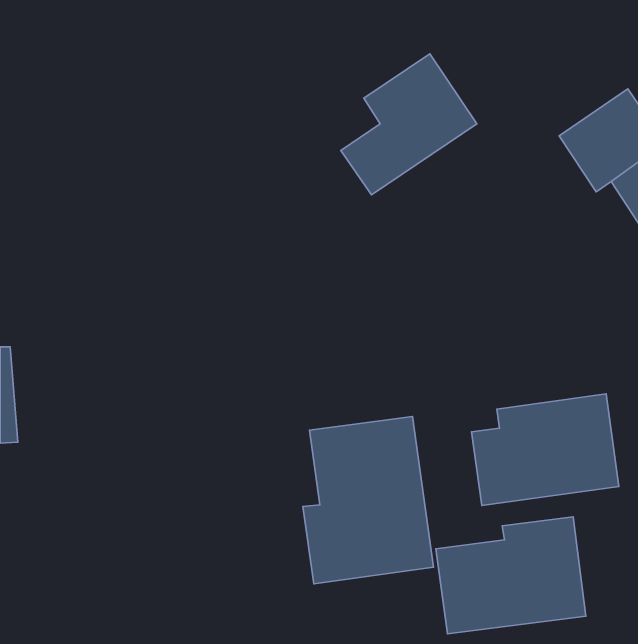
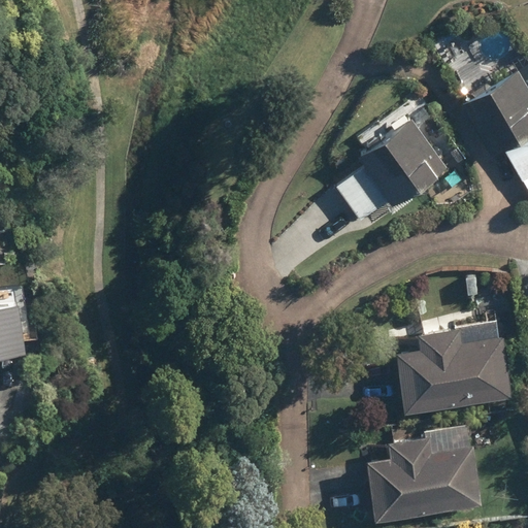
building: [341,54,477,195] -> [339,110,450,225]
building: [303,417,433,584] -> none

